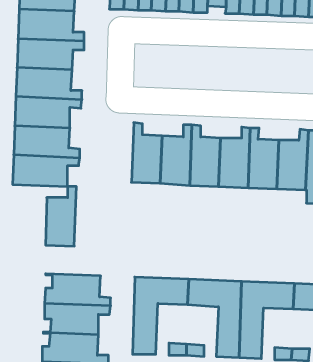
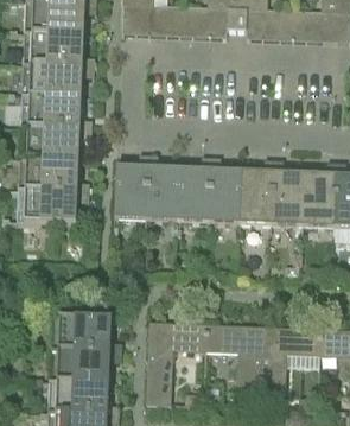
building: [46,187,76,246] -> [114,155,147,220]

